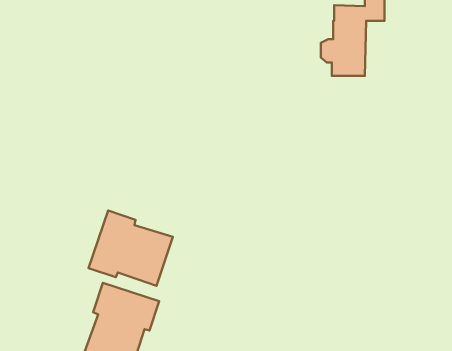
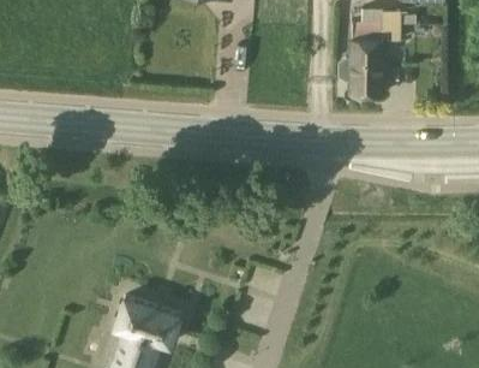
building: [89,211,173,286] -> none

